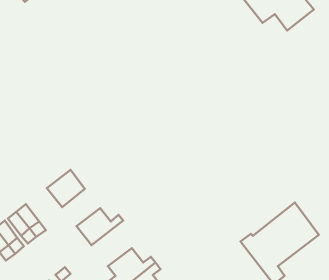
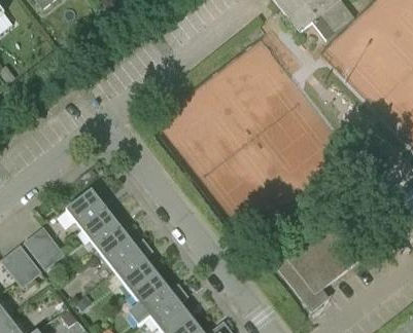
building: none -> [82,210,124,250]
building: none -> [114,244,158,293]

